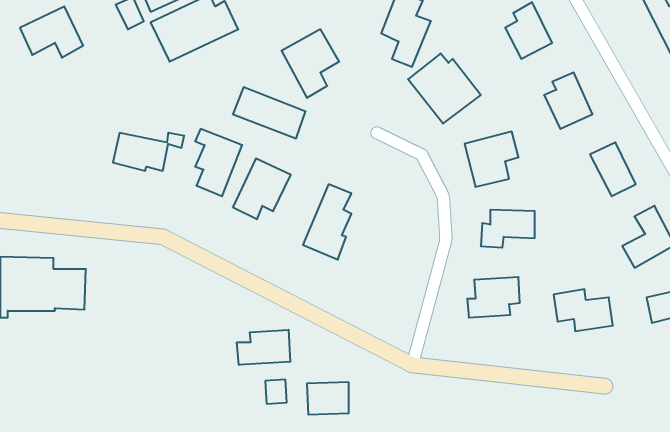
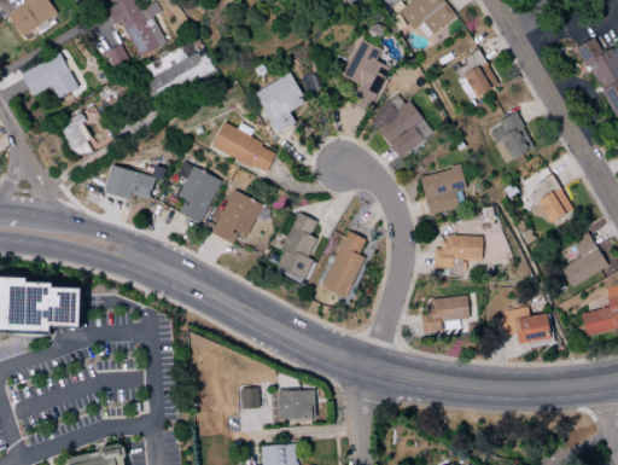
building: none -> [62,116,93,157]
building: none -> [322,232,366,298]
building: [237,330,290,365] -> none

